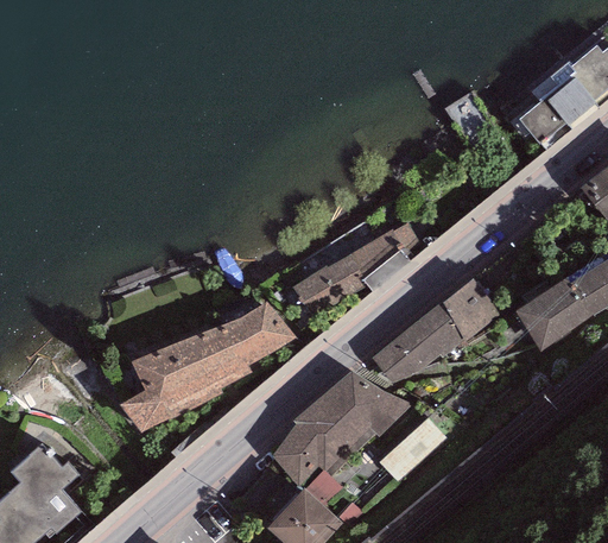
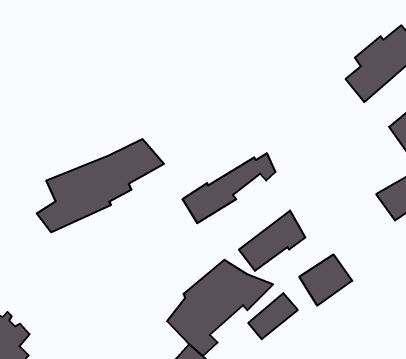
building: [442,278,500,341] -> none
building: [514,279,588,351] -> [299,255,352,306]
building: [119,302,296,431] -> [37,139,164,232]

